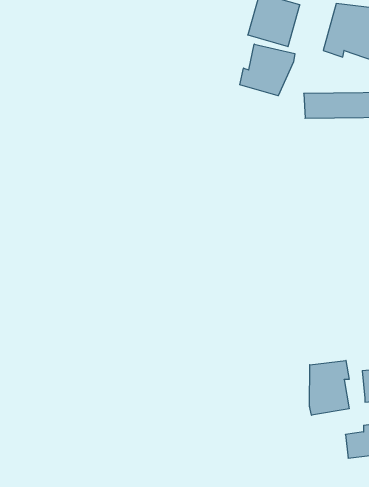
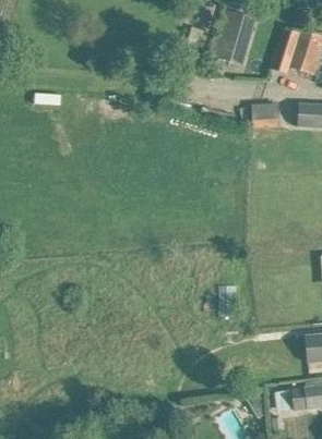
building: [240,44,295,96] -> none
building: [310,360,349,415] -> none

